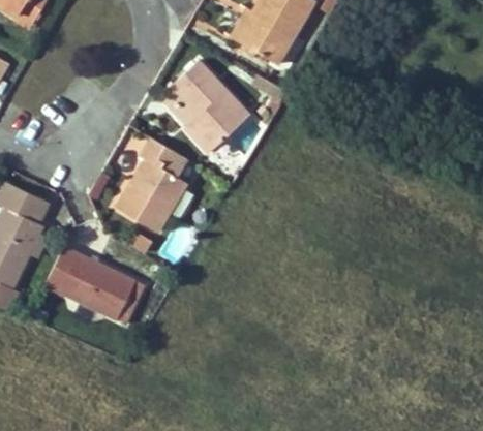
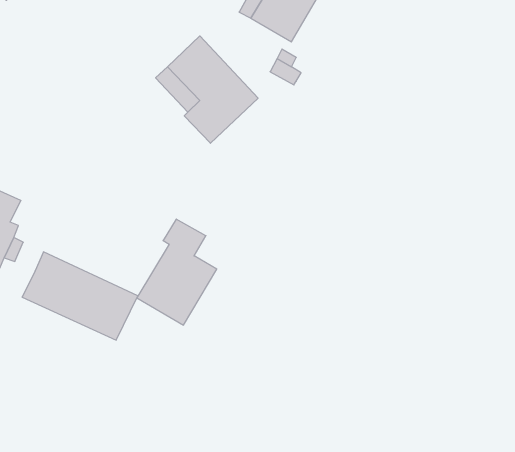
building: [117,138,186,230] -> [137,219,217,325]

